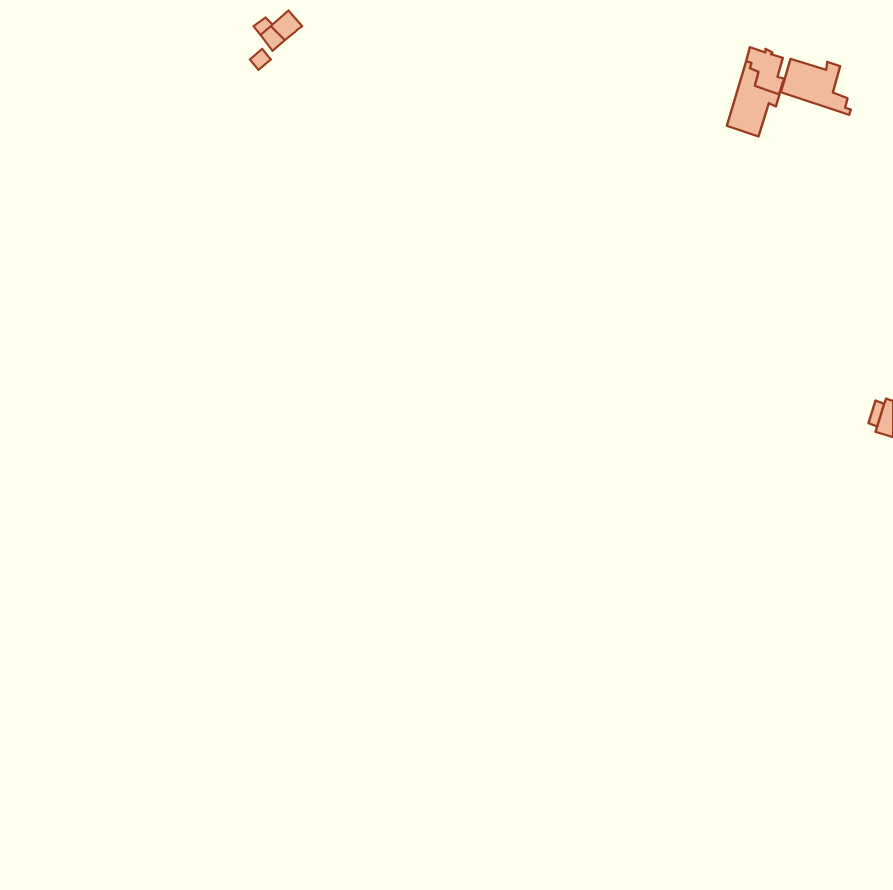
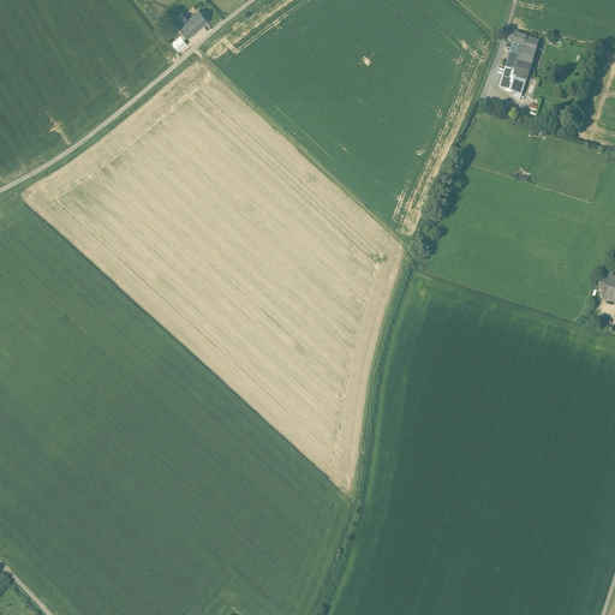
building: [781,59,851,115] -> none

